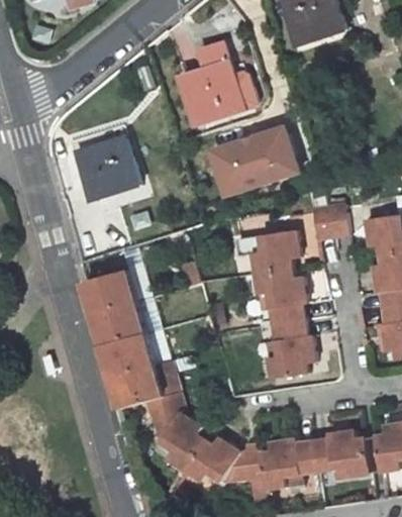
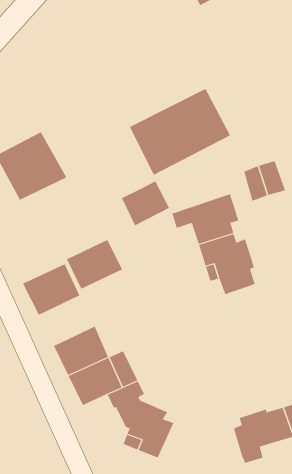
building: [180,42,244,125] -> none
building: none -> [121,180,170,226]
building: [91,301,143,344] -> [66,239,123,289]
building: [268,319,314,378] -> none
building: [182,436,262,482] -> none

